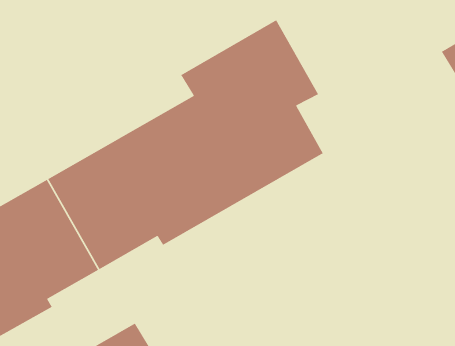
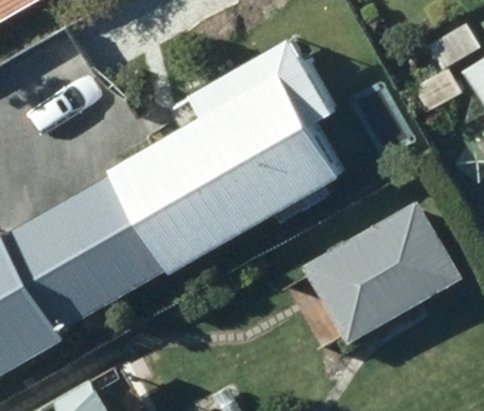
building: none -> [306,205,460,365]

